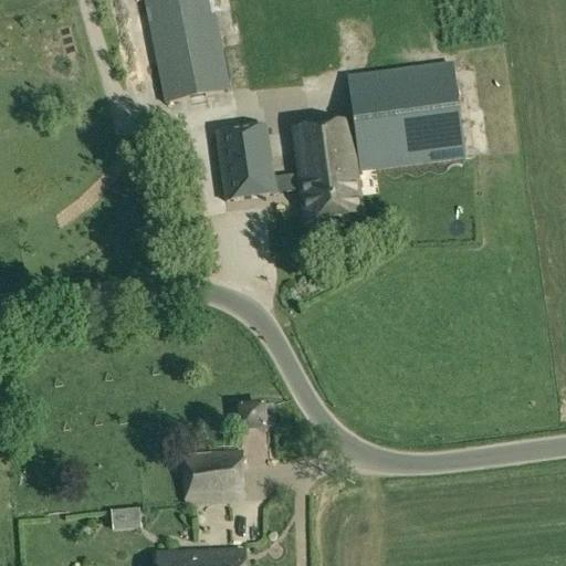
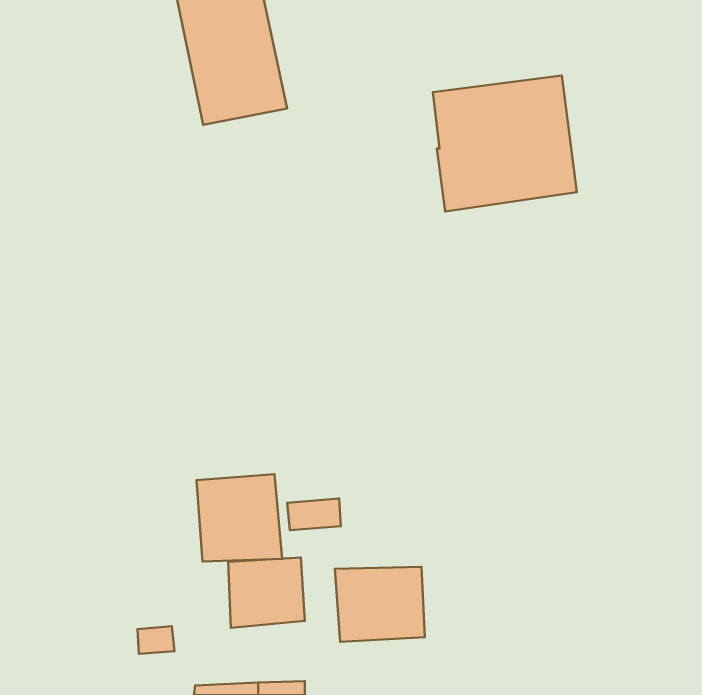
building: [217,119,365,220] -> none
building: none -> [197,474,282,562]
building: none -> [335,567,425,642]

